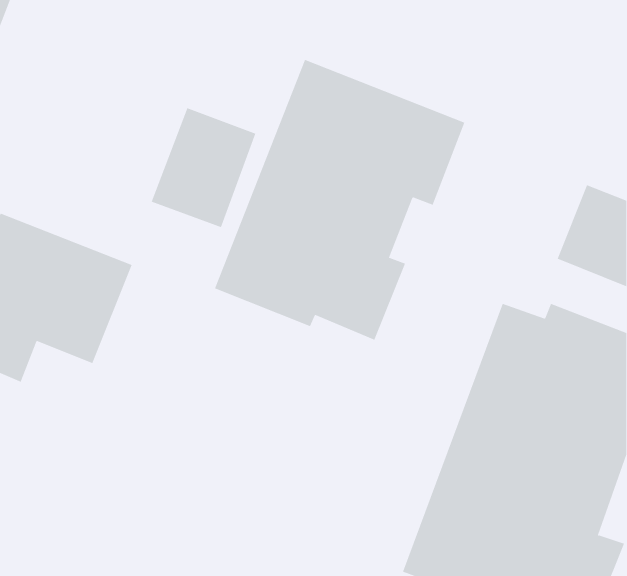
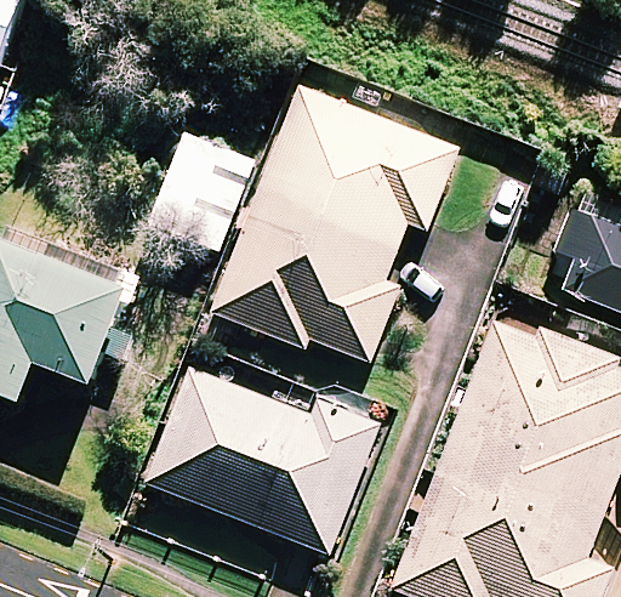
building: none -> [144,365,378,553]

